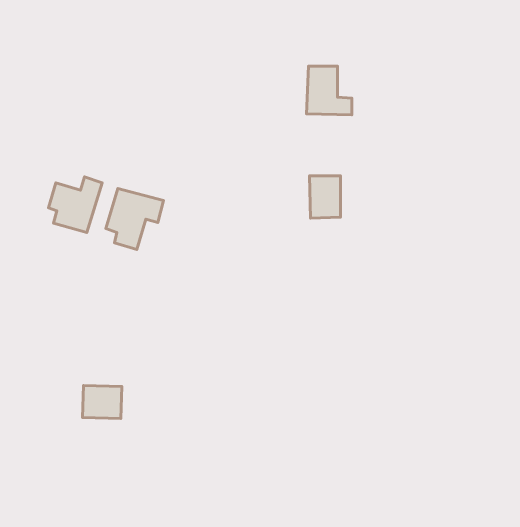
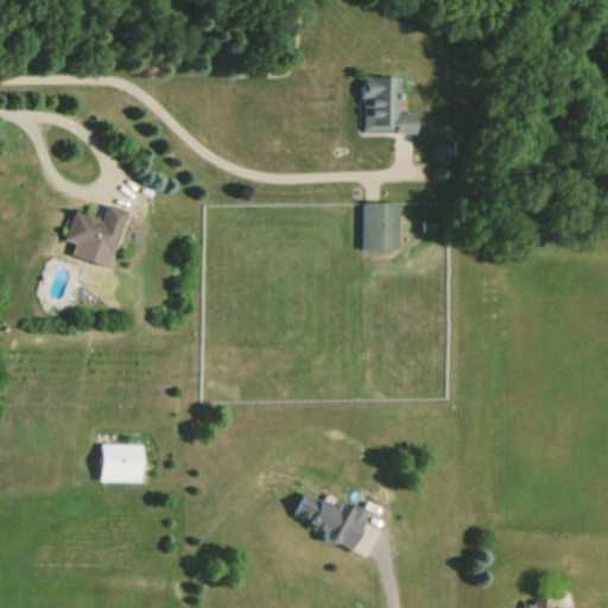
building: [106,189,163,249] -> none
building: none -> [293,492,374,552]

